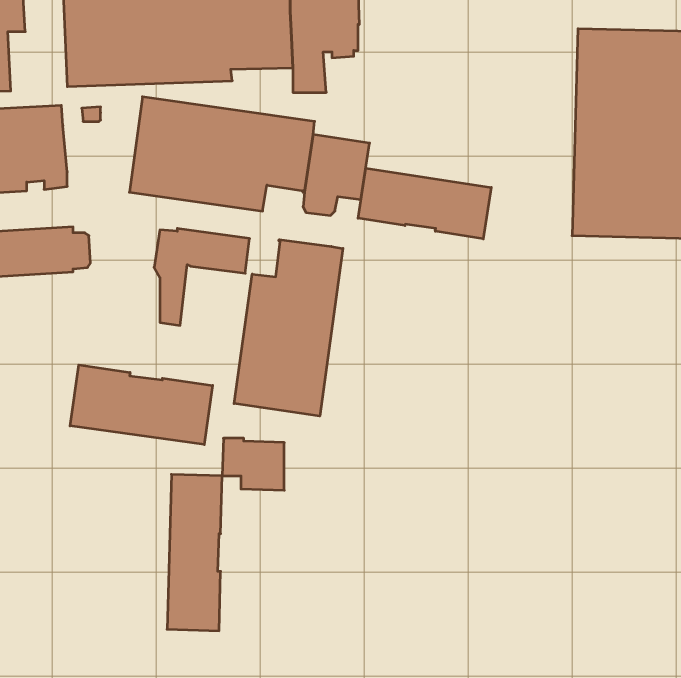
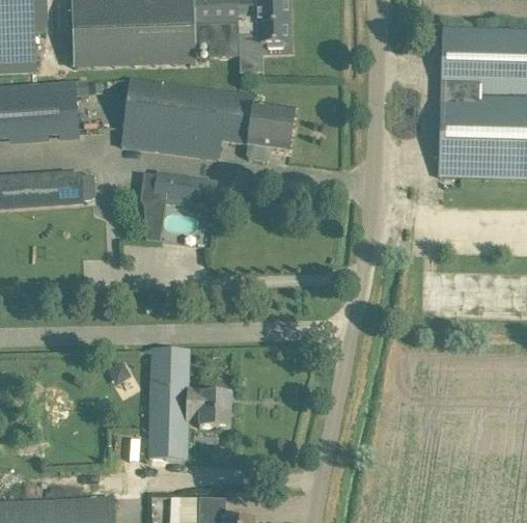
building: [358,168,491,239] -> none
building: [234,240,343,416] -> none
building: [70,365,213,445] -> none
building: [222,438,284,490] -> [185,389,229,426]

